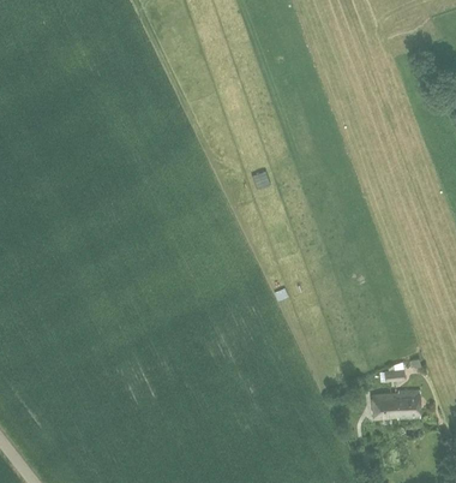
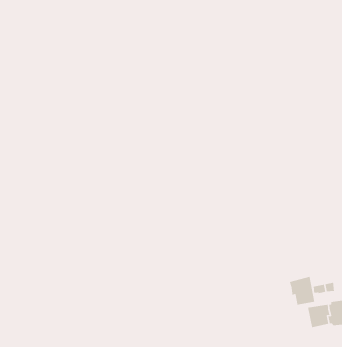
building: none -> [289,276,315,305]

